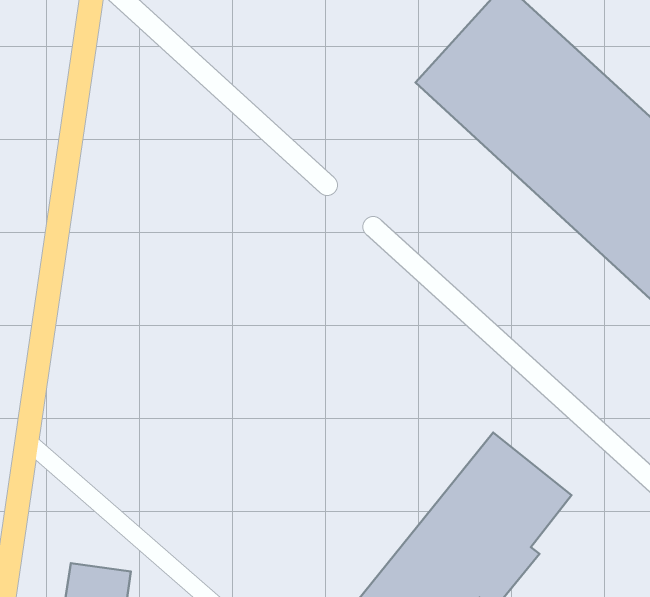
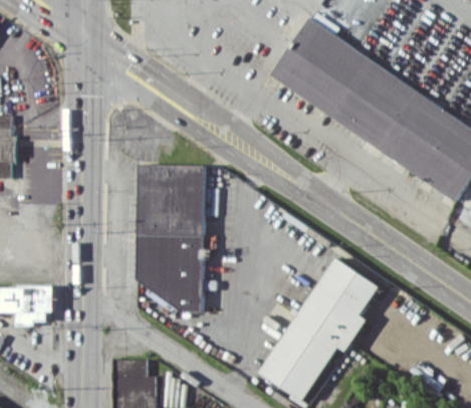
building: none -> [136,165,205,302]

